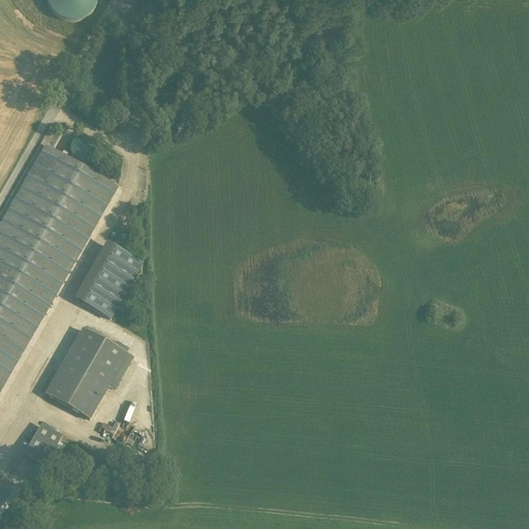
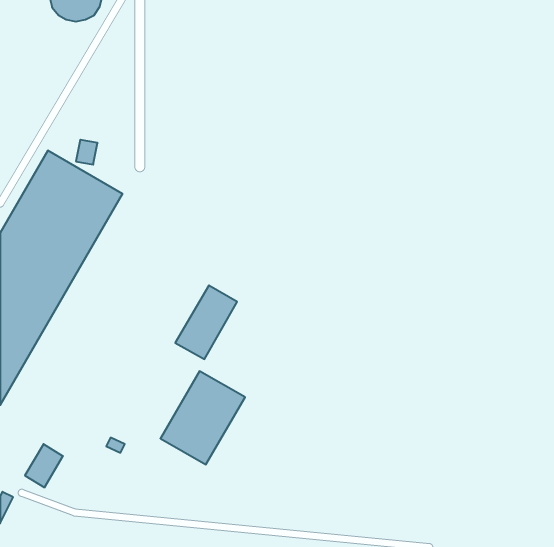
building: [82,246,141,316] -> [175,285,237,359]
building: [45,328,126,416] -> [160,371,245,464]

